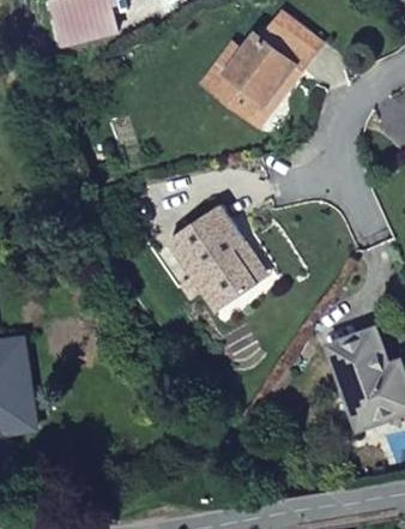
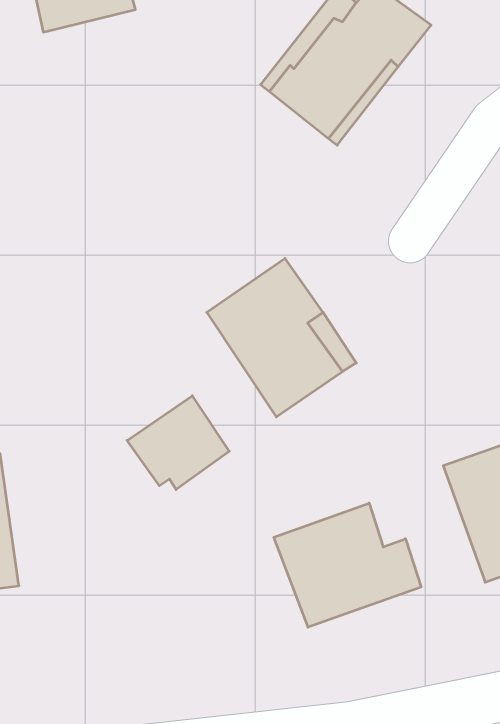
building: none -> [127,396,229,490]
building: none -> [274,503,421,627]

